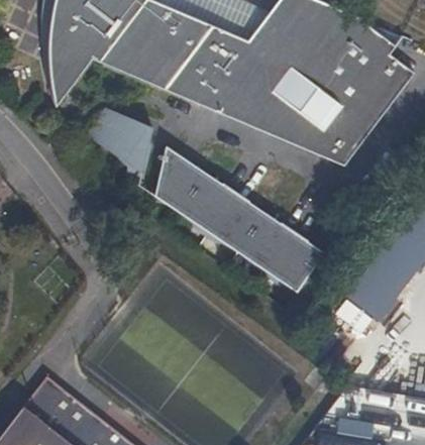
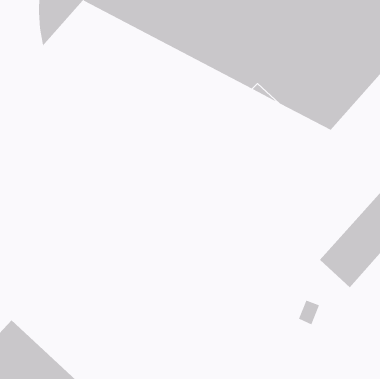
building: [88,108,152,176] -> none
building: [154,146,324,293] -> none

